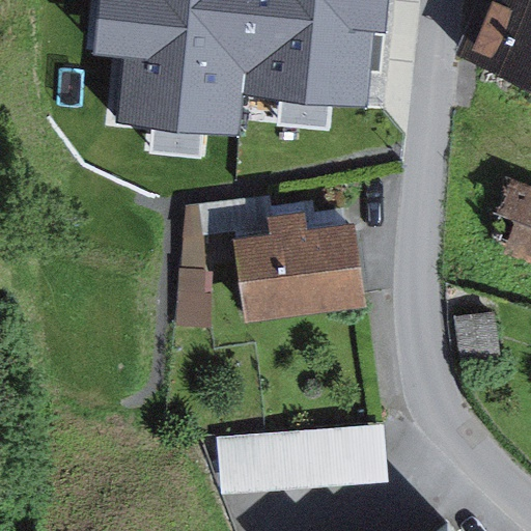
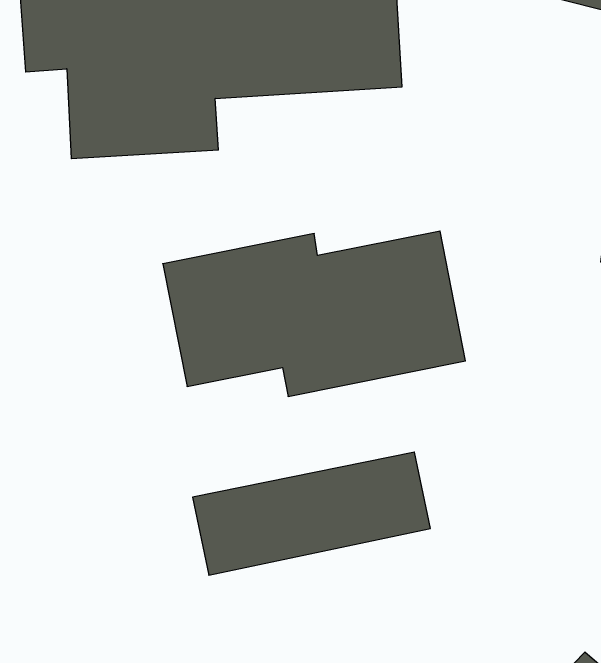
building: [228,425,391,490] -> [193,452,430,575]

